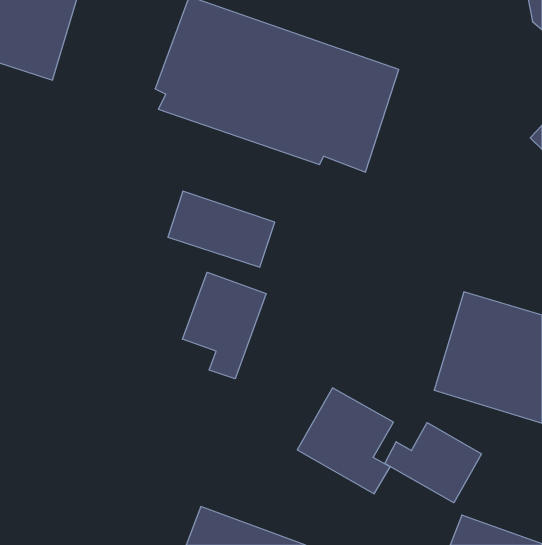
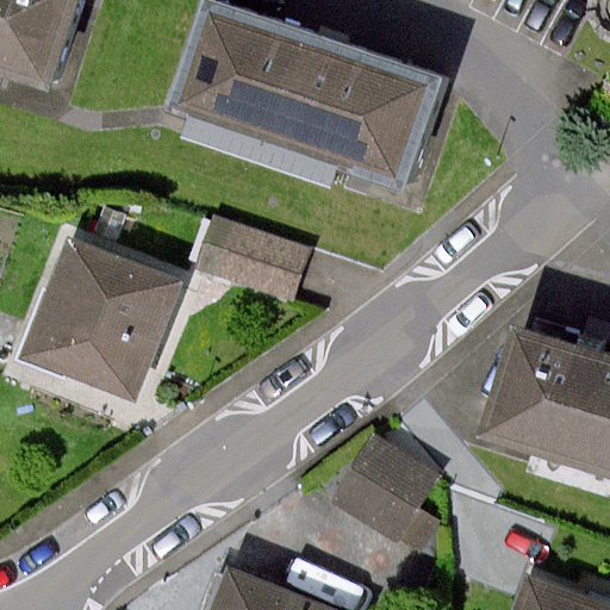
building: none -> [20,239,182,405]
building: [182,272,266,379] -> none
building: [385,423,482,503] -> none

